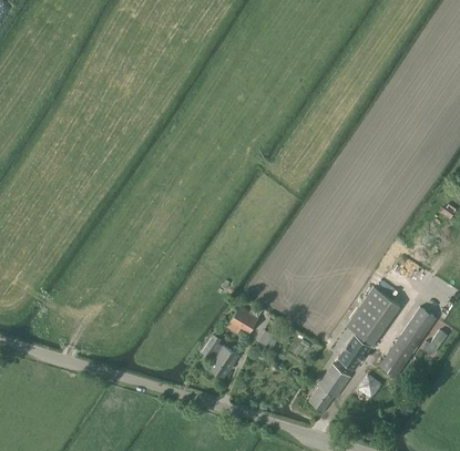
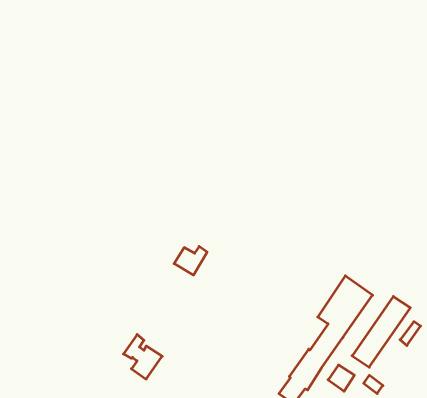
building: [229,306,262,334] -> [174,246,207,275]
building: [201,335,238,378] -> [123,334,162,379]

